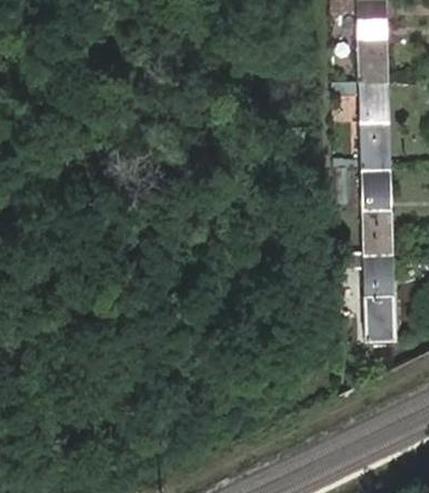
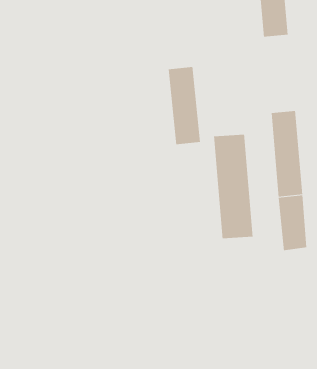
building: [359,96,391,183] -> [168,67,201,145]
building: none -> [214,134,253,239]

